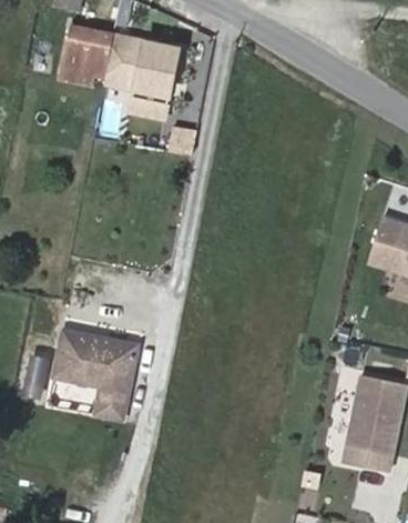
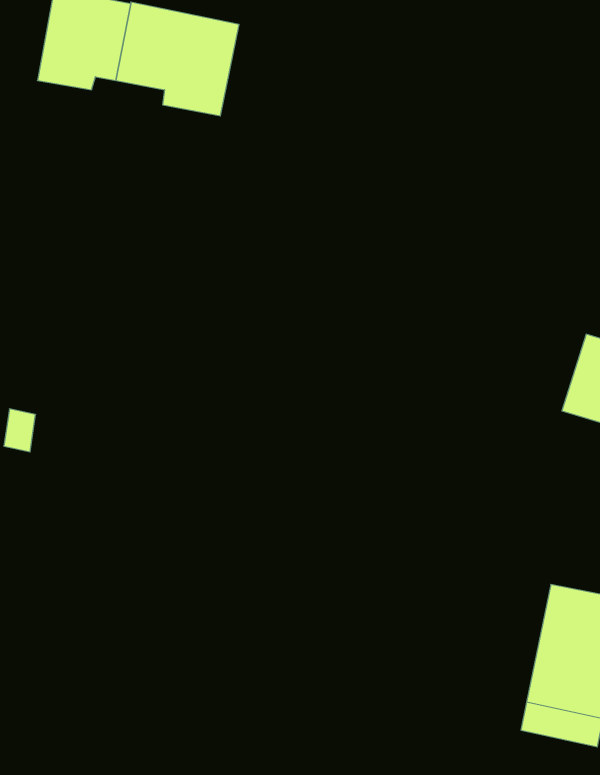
building: [43,326,125,414] -> none

